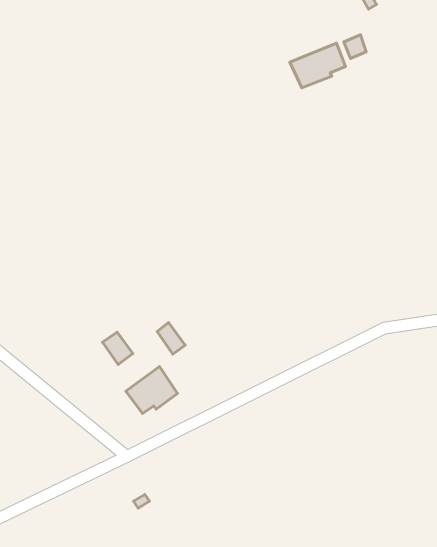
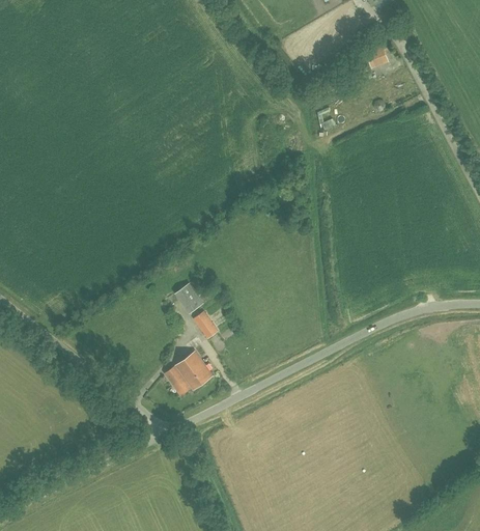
building: [290,43,345,88] -> none
building: [102,332,133,365] -> [174,283,202,313]

